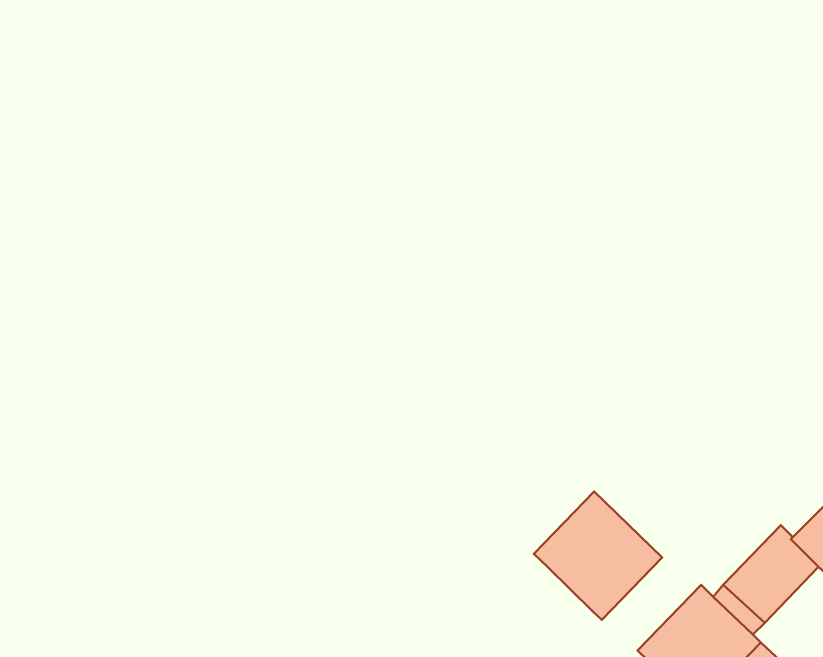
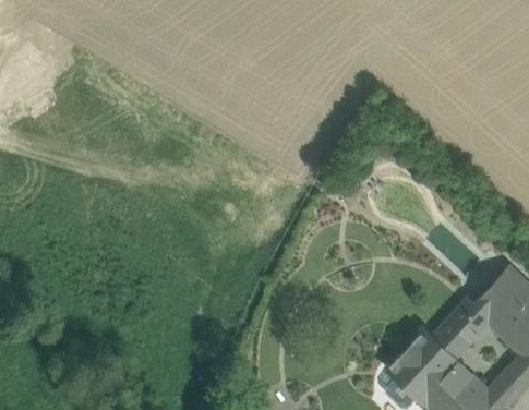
building: [534,492,662,620] -> none

